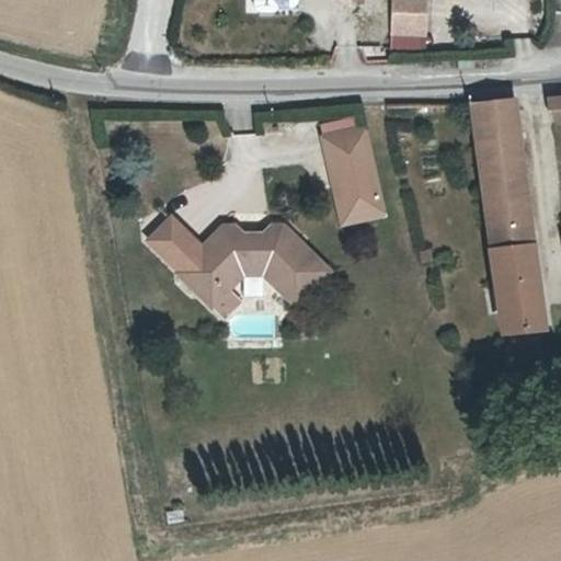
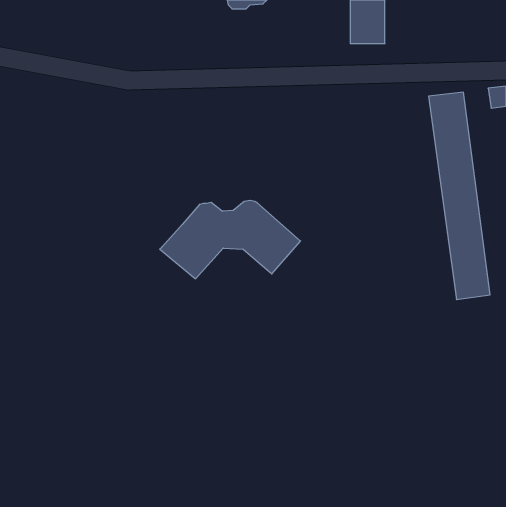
building: [322,128,383,221] -> none
building: [146,218,202,273] -> none

